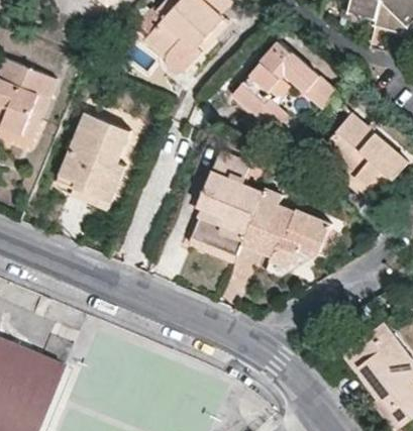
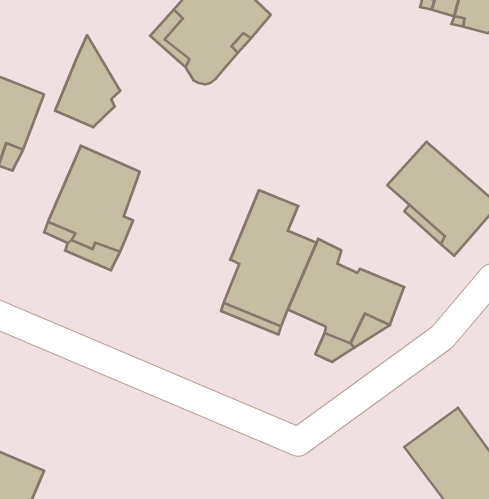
building: none -> [55,35,120,127]
building: [234,42,338,131] -> none

